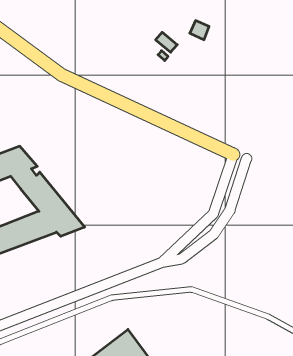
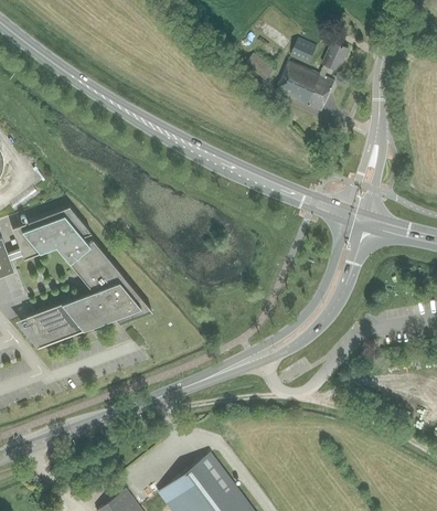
building: none -> [275,43,348,114]

